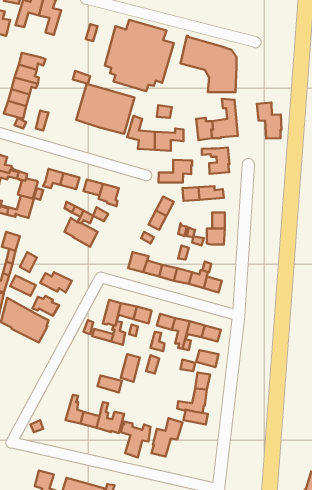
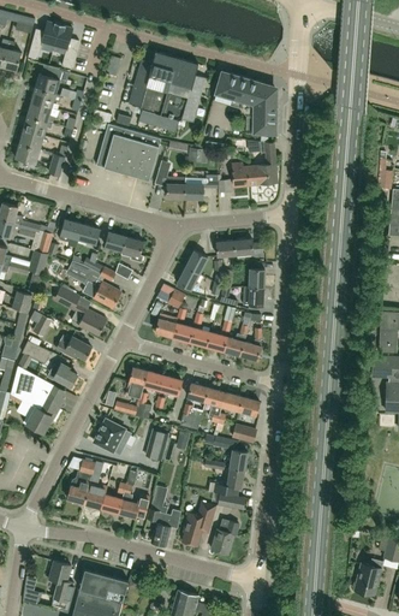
building: none -> [35,66,70,94]
building: [257,103,282,138] -> none
building: [202,147,229,174] -> none
building: [159,160,192,182] -> none
building: none -> [54,286,107,334]
building: none -> [17,401,54,433]
building: none -> [94,420,131,455]
building: none -> [67,461,95,504]
building: none -> [212,519,239,553]

